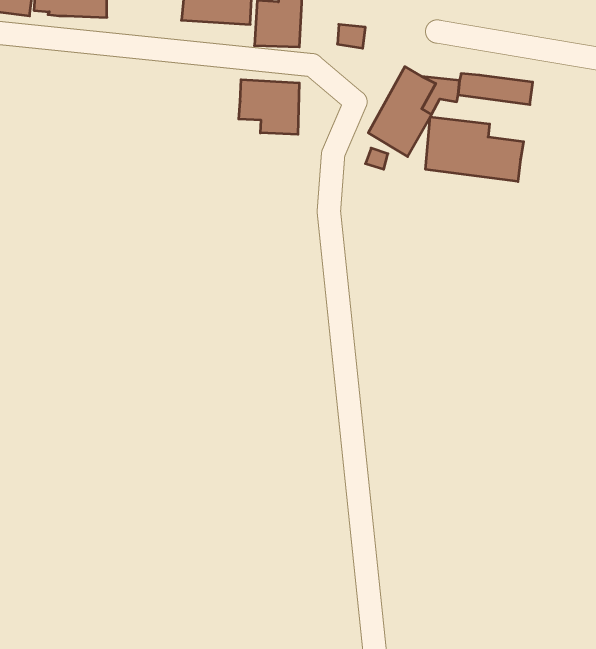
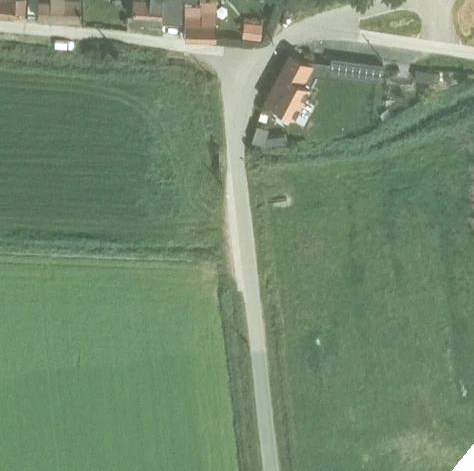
building: [239,80,299,134] -> none
building: [426,117,524,182] -> none

